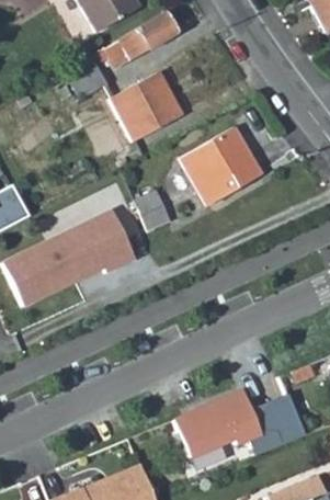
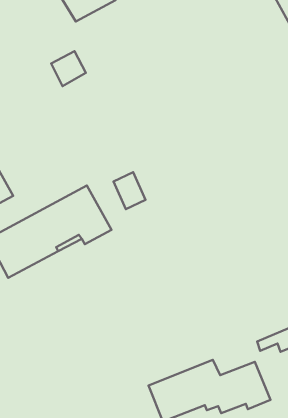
building: [105,12,179,65] -> none
building: [111,71,183,141] -> none
building: [183,127,260,204] -> none

